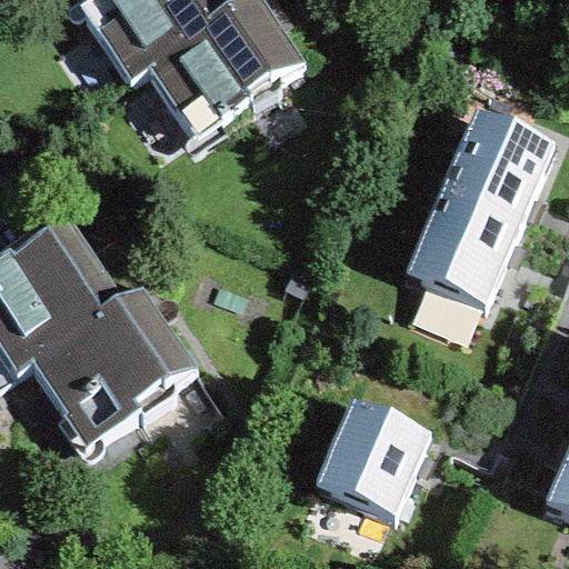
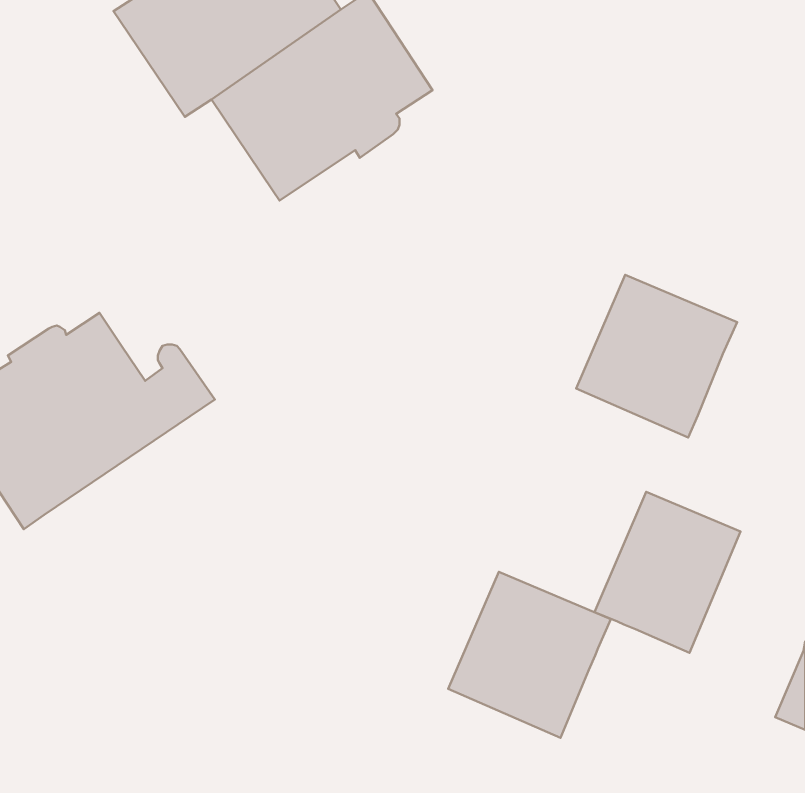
building: [440,113,553,227] -> none
building: [31,281,197,440] -> none
building: none -> [594,492,740,653]

